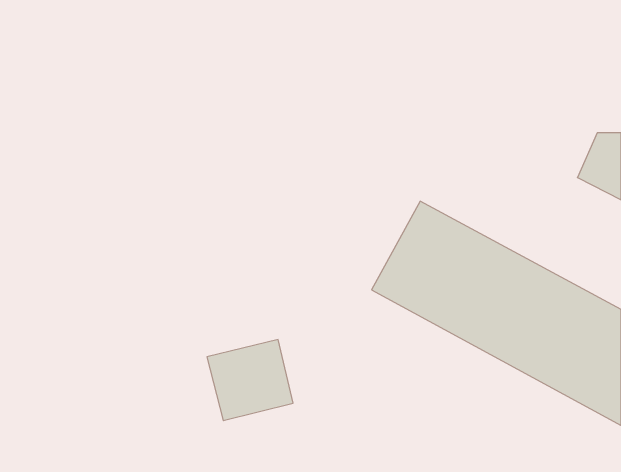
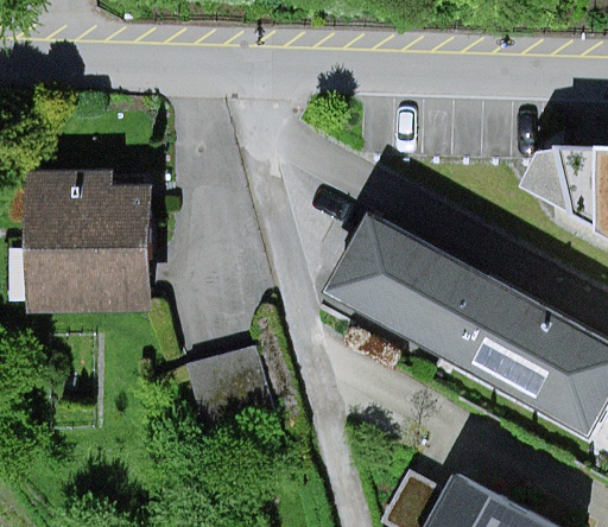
building: none -> [17,191,126,315]

